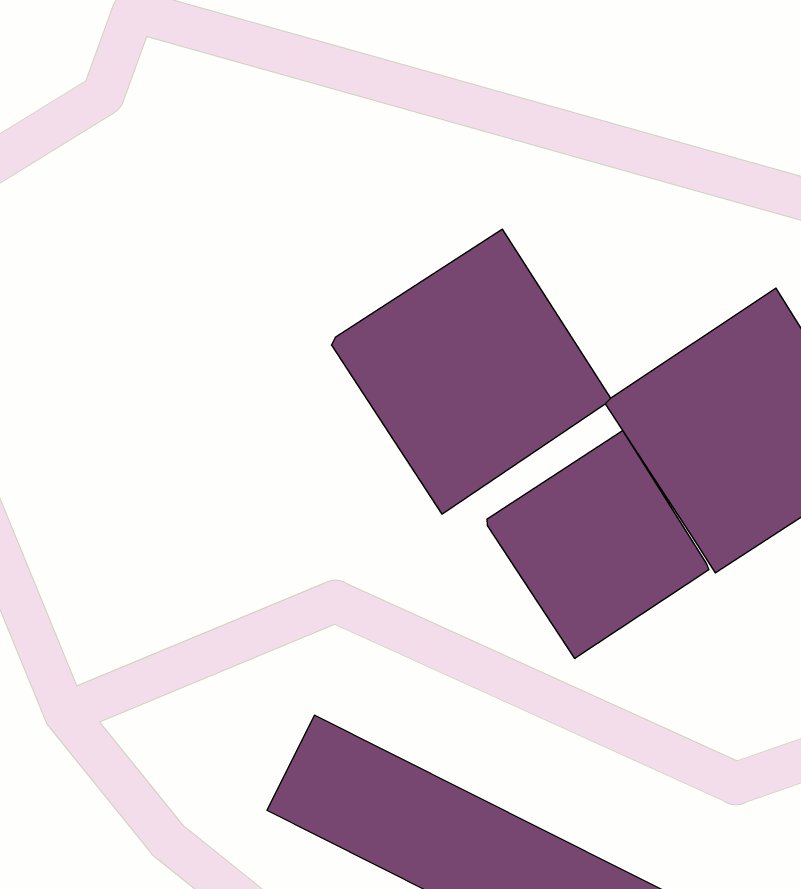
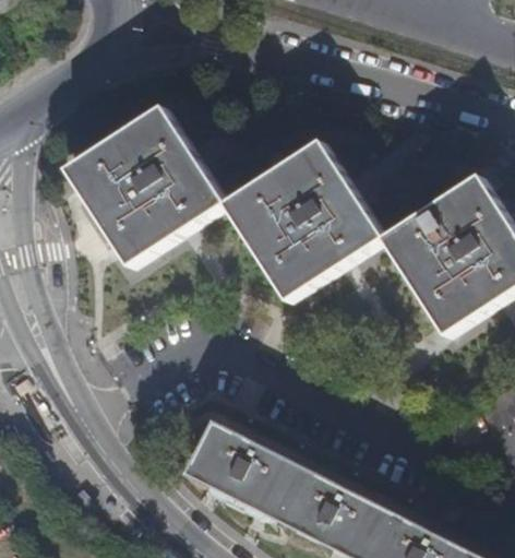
building: none -> [63,106,225,269]
building: [487,431,709,659] -> none

